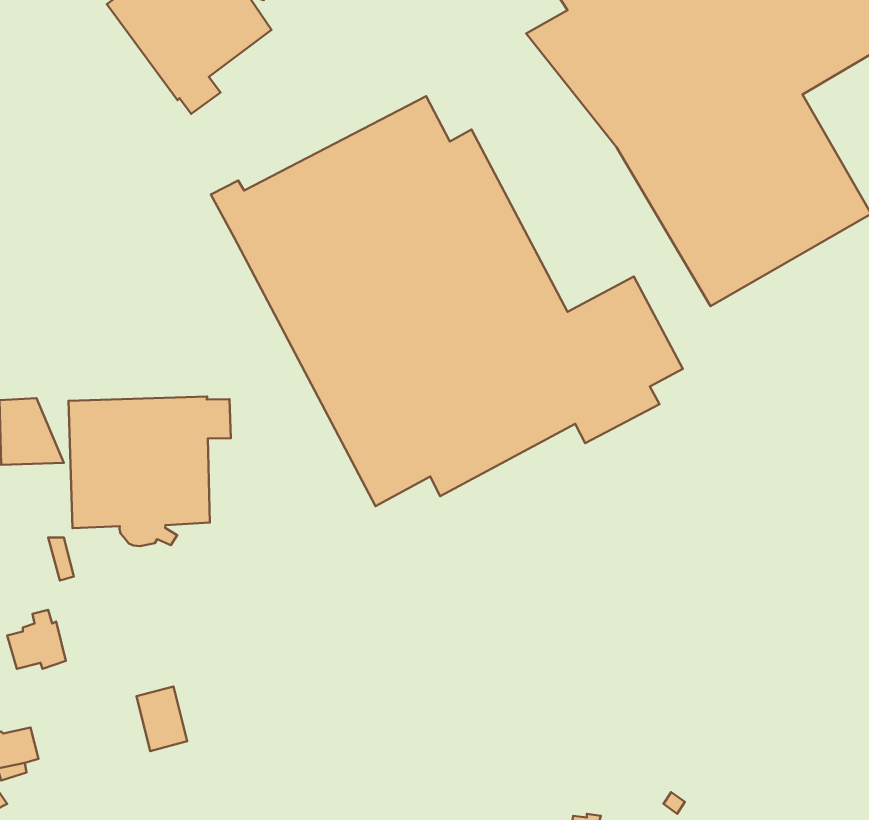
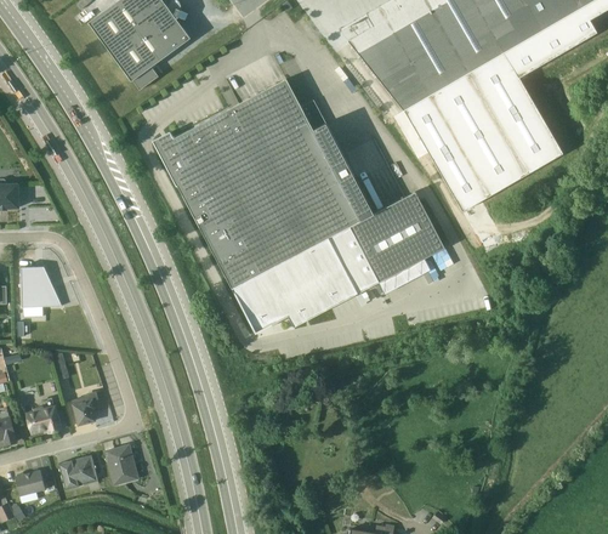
building: [69,397,231,546] -> none
building: none -> [72,392,97,425]
building: none -> [57,454,98,488]

